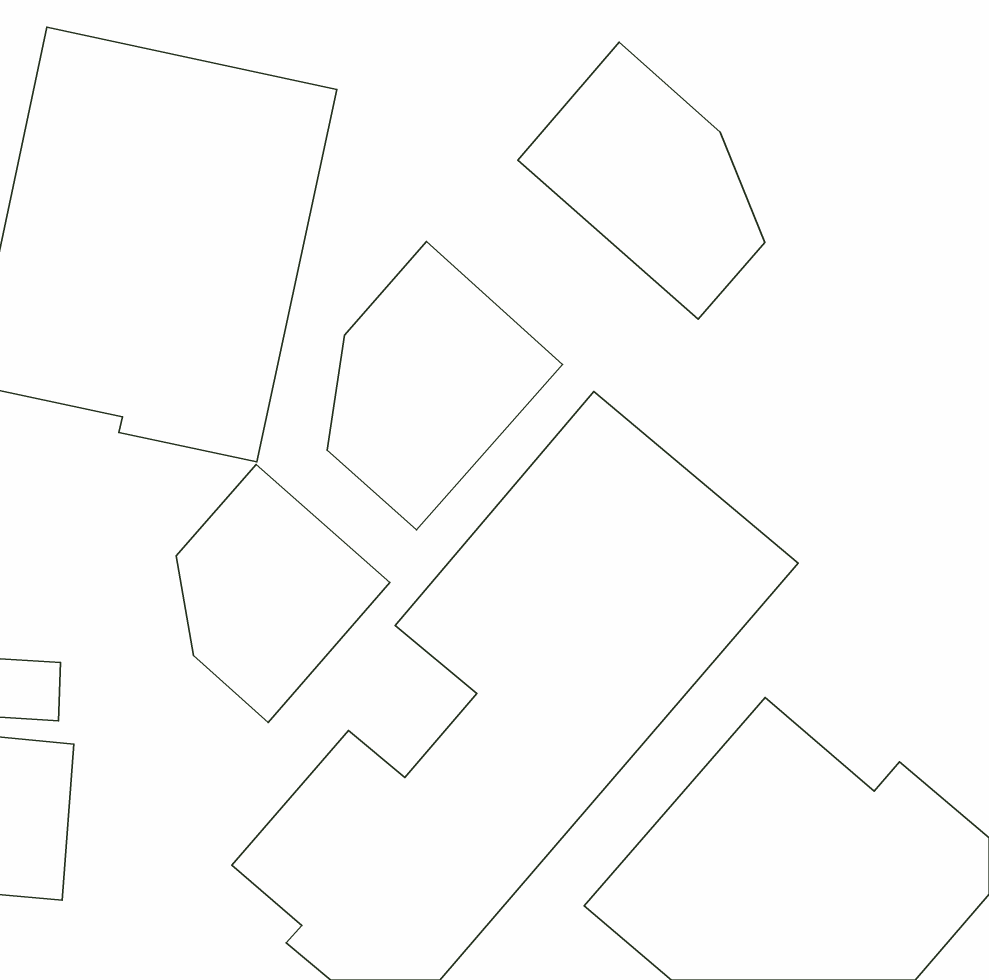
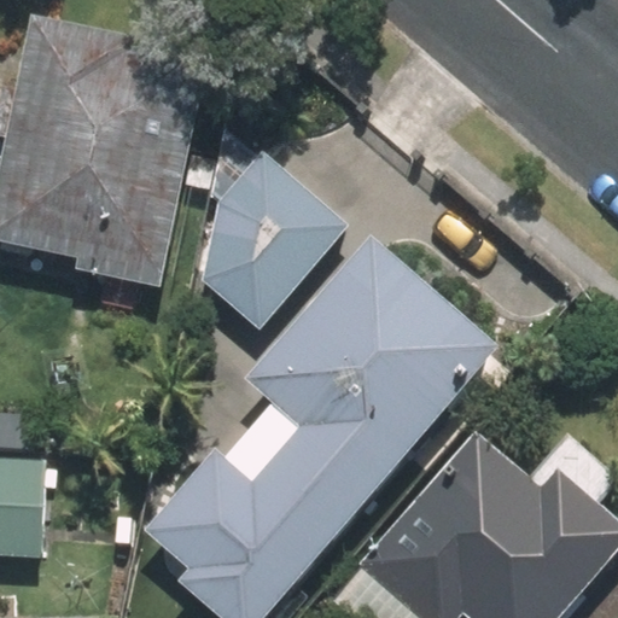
building: [518,42,765,319] -> none
building: [176,464,390,722] -> none

